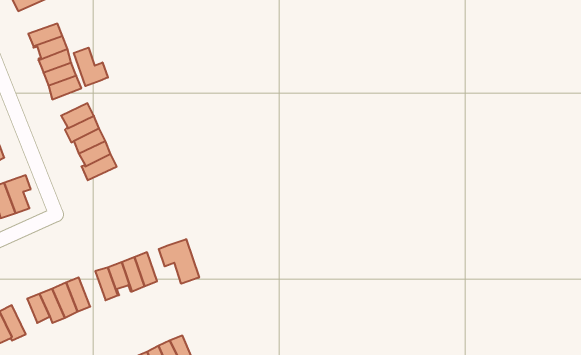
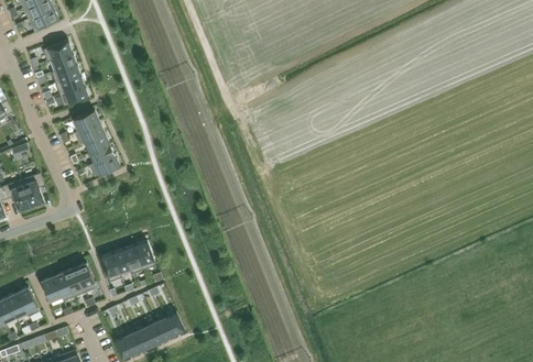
building: [74,48,108,86] -> none
building: [159,239,199,284] -> none

